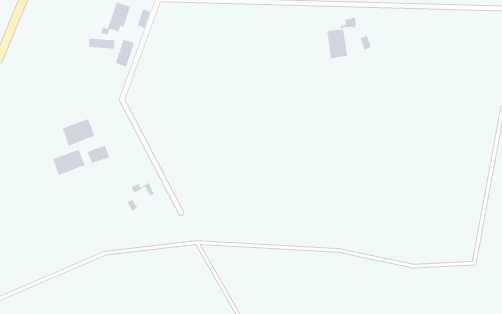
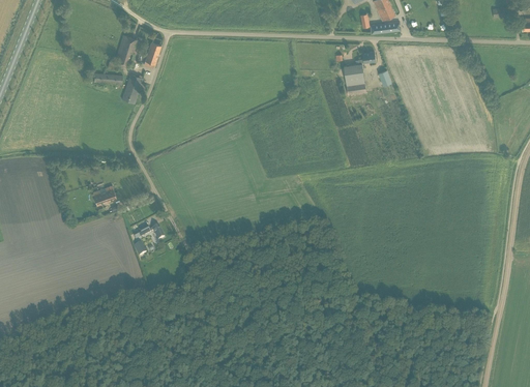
building: [62,119,95,147] -> none
building: [53,149,85,176] -> none

